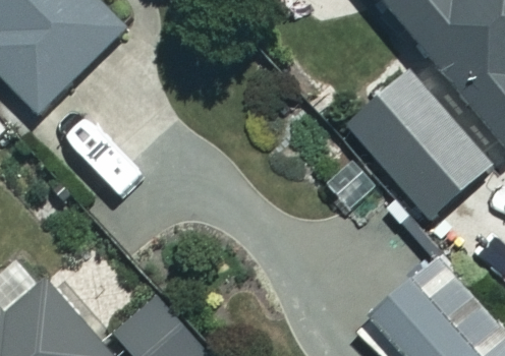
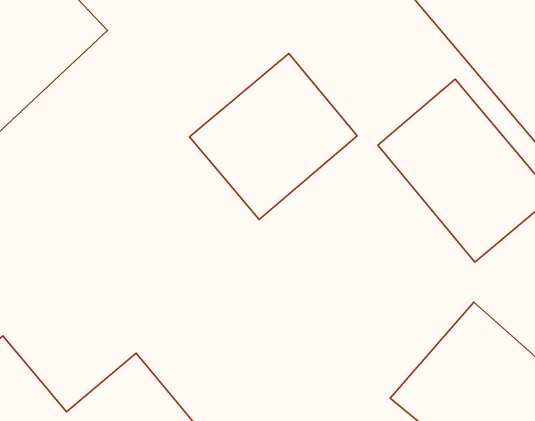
building: none -> [190,53,357,220]

